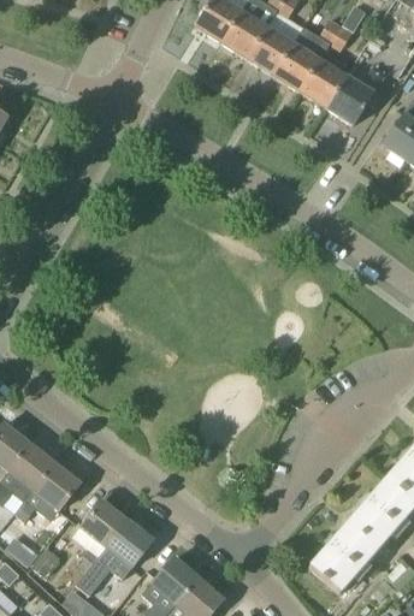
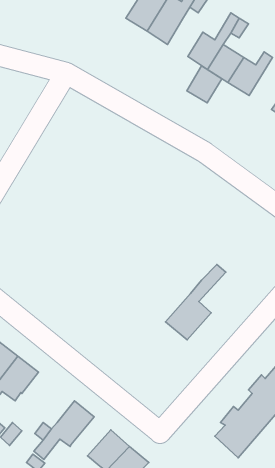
building: [248,26,294,75] -> [187,66,222,103]
building: none -> [166,265,226,340]
building: [79,499,128,547] -> none

